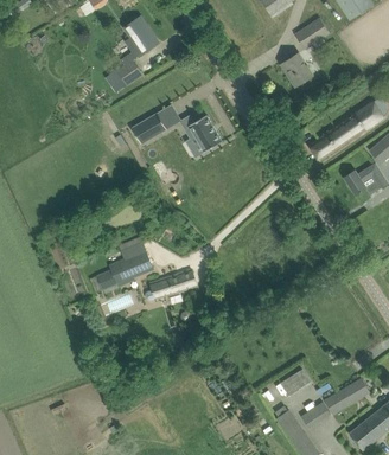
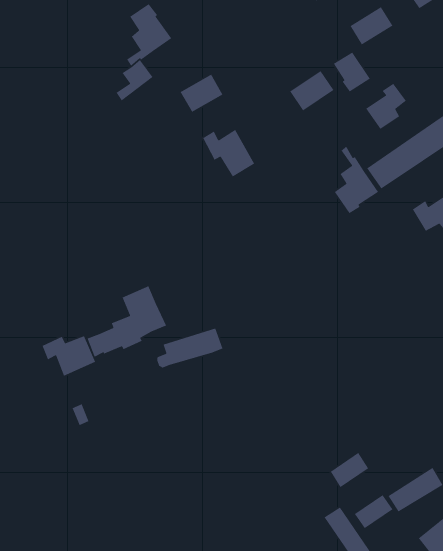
building: none -> [289,70,335,111]
building: none -> [365,83,407,130]
building: [132,113,166,143] -> [180,74,224,113]
building: none -> [334,145,380,214]
building: none -> [42,335,96,377]

